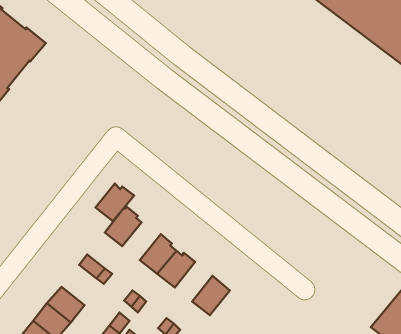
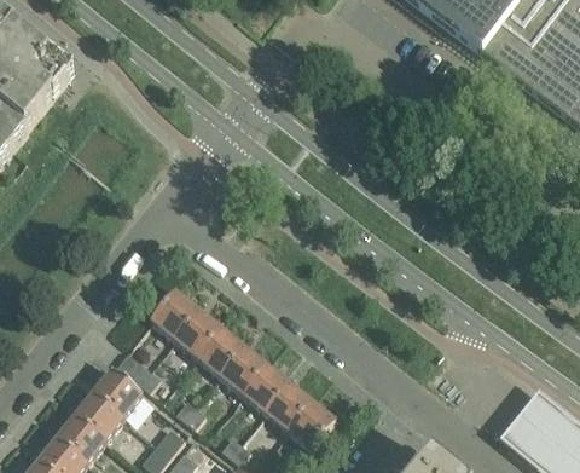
building: [95,184,134,221] -> [170,307,221,357]
building: none -> [239,359,289,411]
building: none -> [91,368,139,416]
building: none -> [285,397,332,448]

